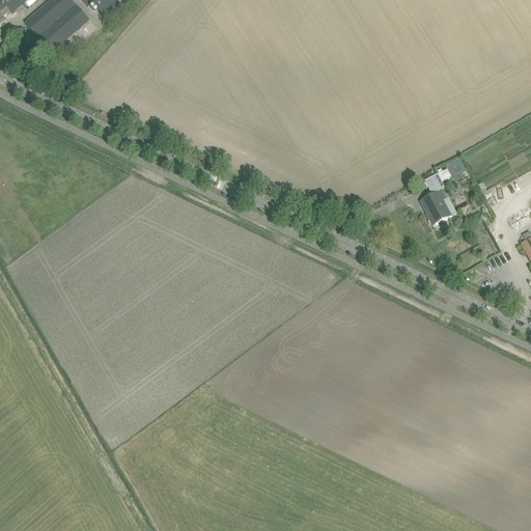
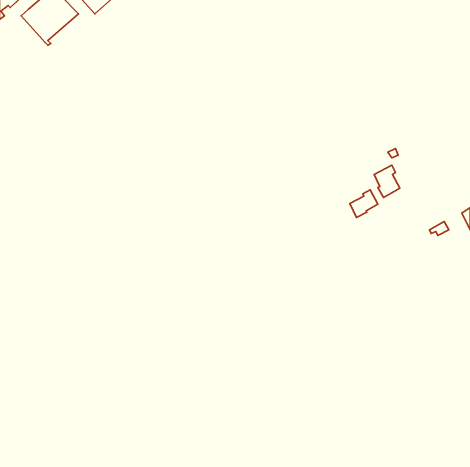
building: none -> [350,190,378,218]

